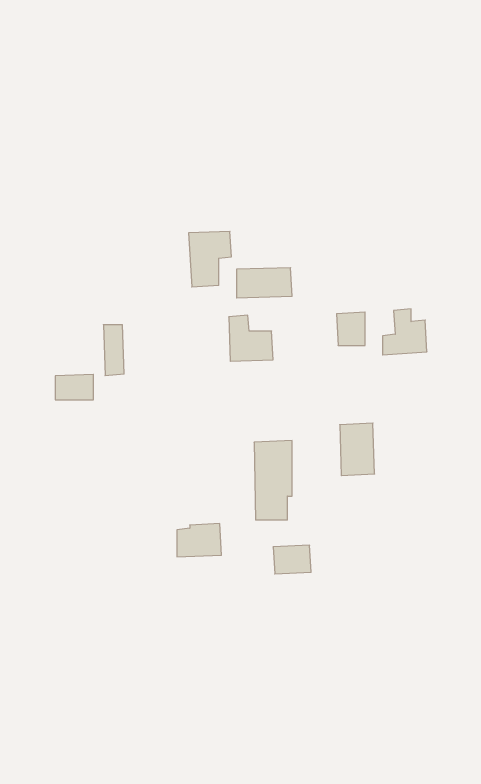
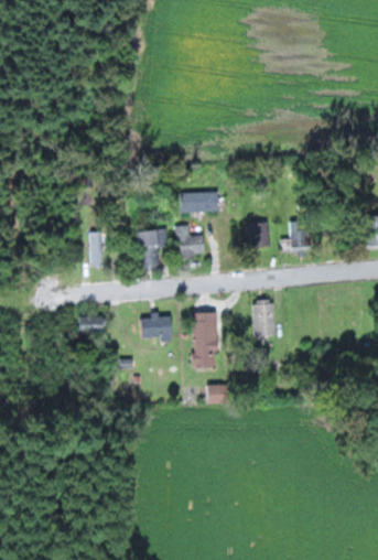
building: [189,231,231,287] -> [137,229,166,268]
building: [55,374,93,400] -> [74,315,100,333]
building: [177,524,221,557] -> [141,314,172,337]

